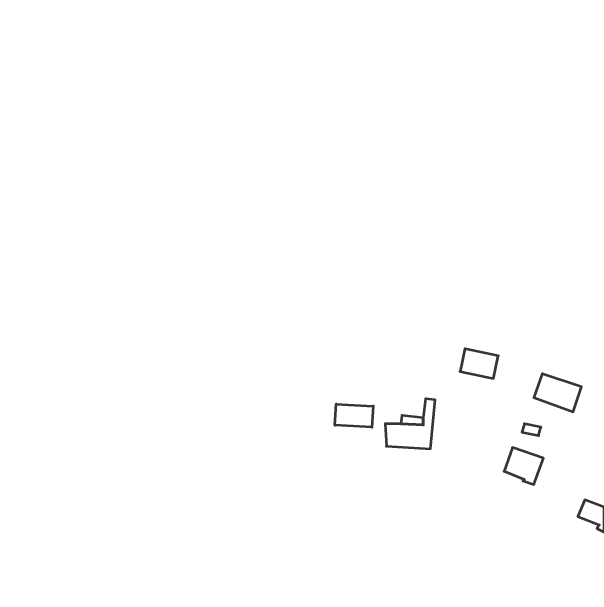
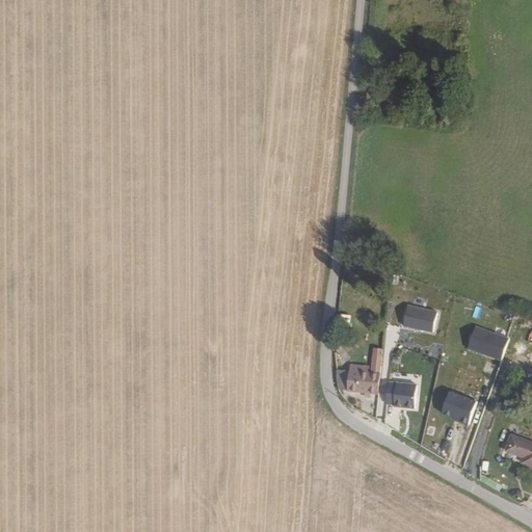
building: [335,404,373,427] -> none
building: none -> [385,382,416,408]

